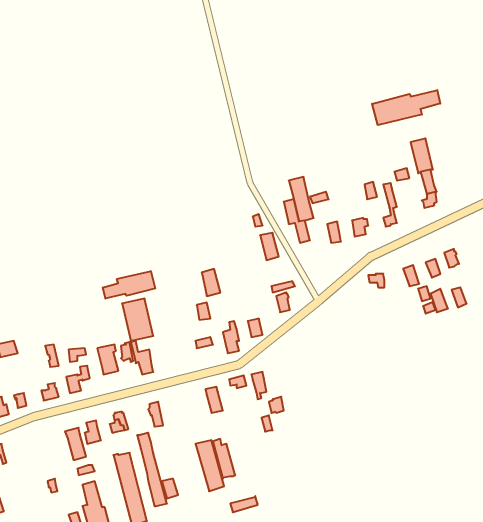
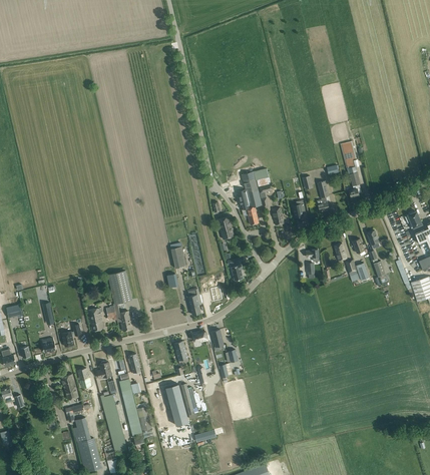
building: [372,90,440,125] -> none
building: [103,271,155,299] -> none

